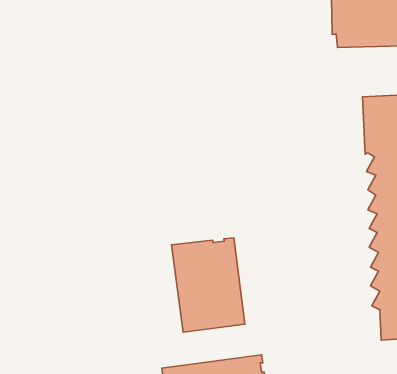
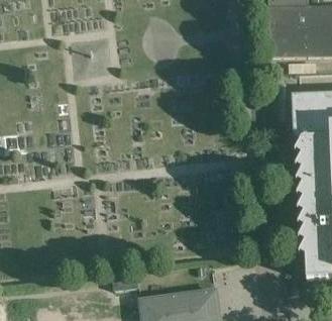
building: [172,238,245,332] -> none

